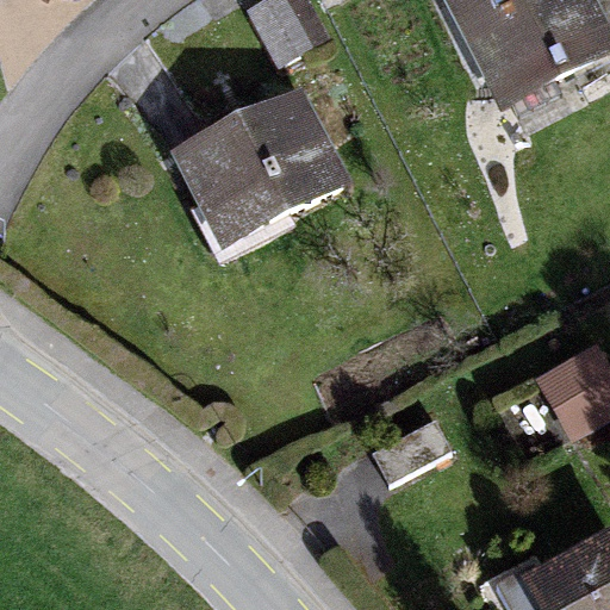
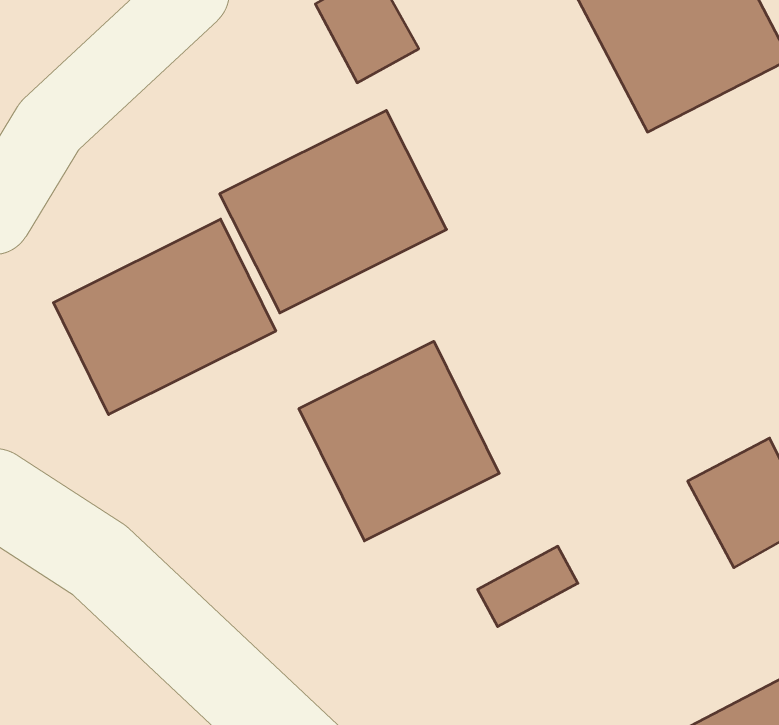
building: none -> [53,219,276,415]
building: none -> [299,341,499,541]

